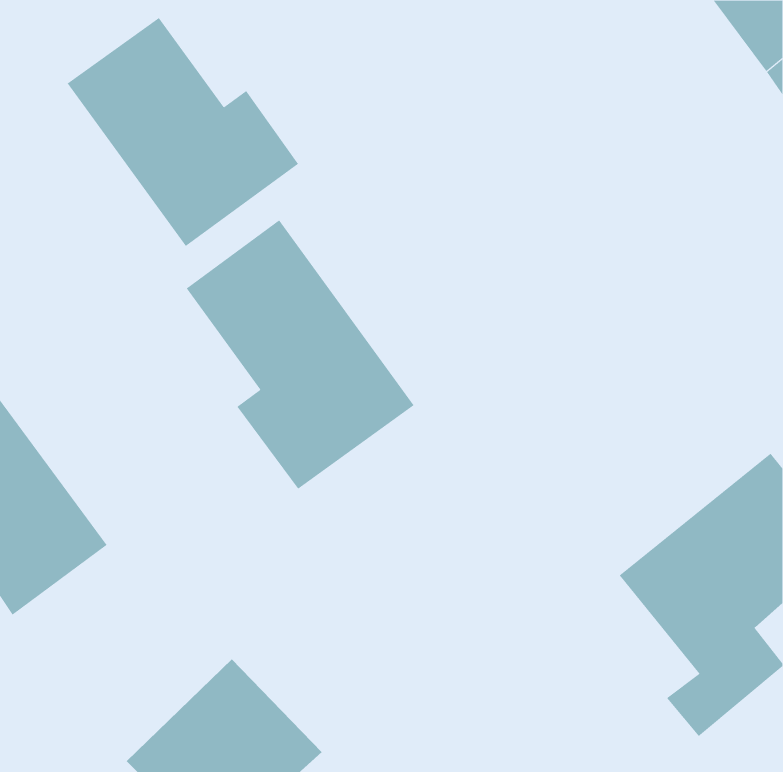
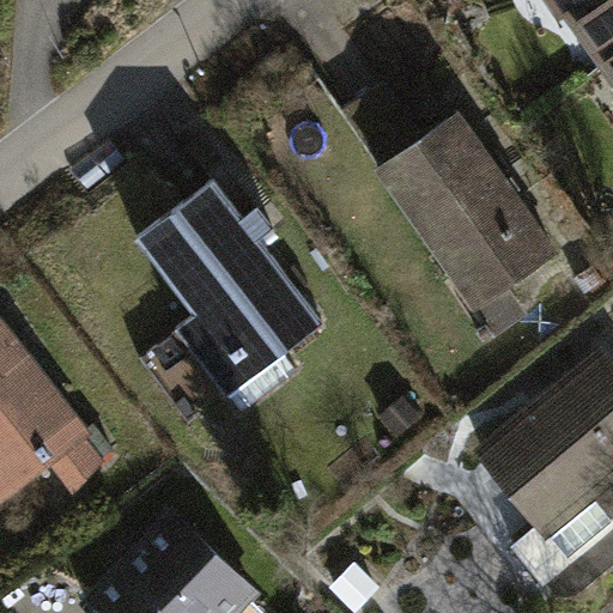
building: [67,17,299,247] -> none
building: none -> [380,121,551,342]

